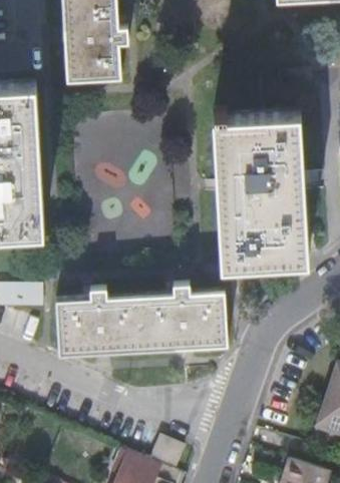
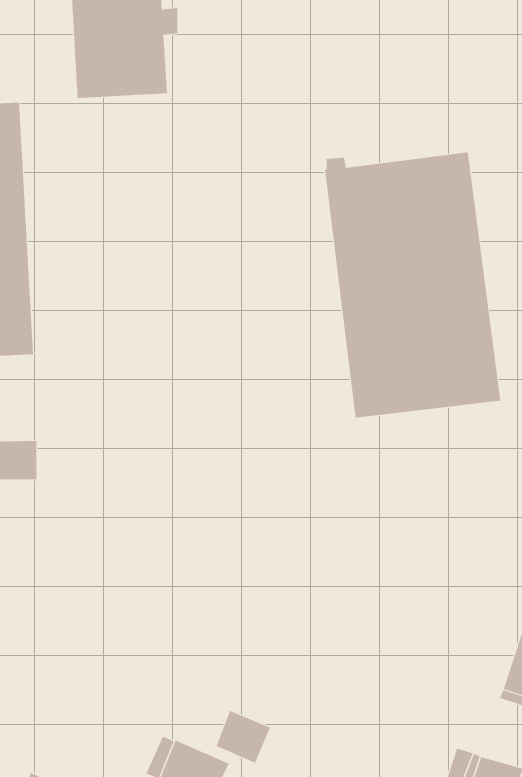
building: [55,287,225,355] -> none

